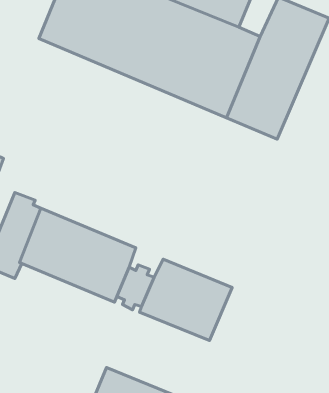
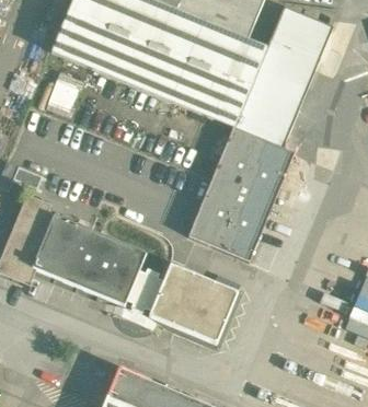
building: none -> [187,127,294,260]

